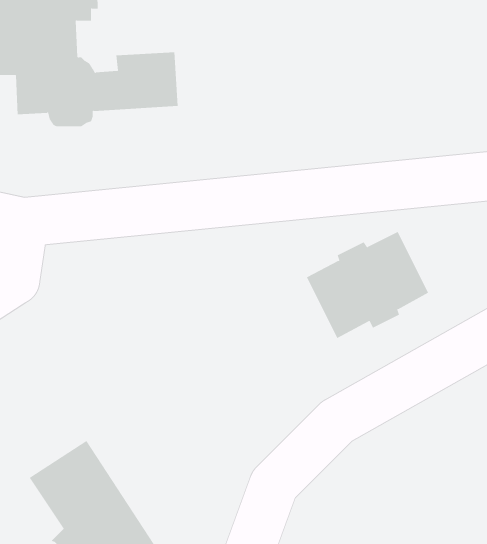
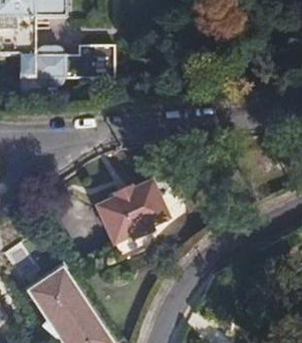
building: [306,231,429,339] -> [95,179,168,242]

